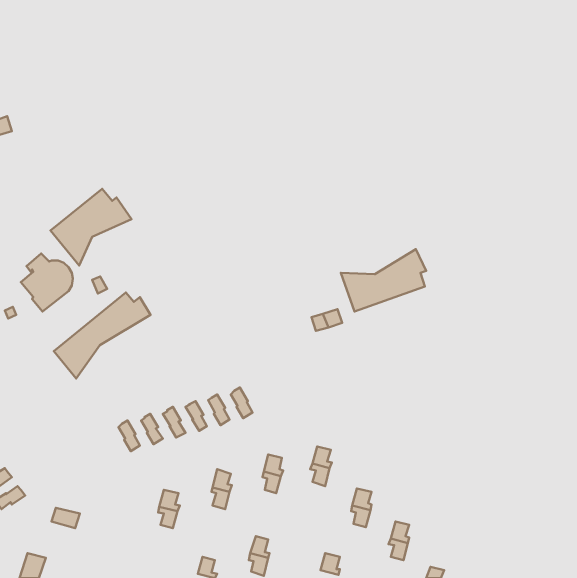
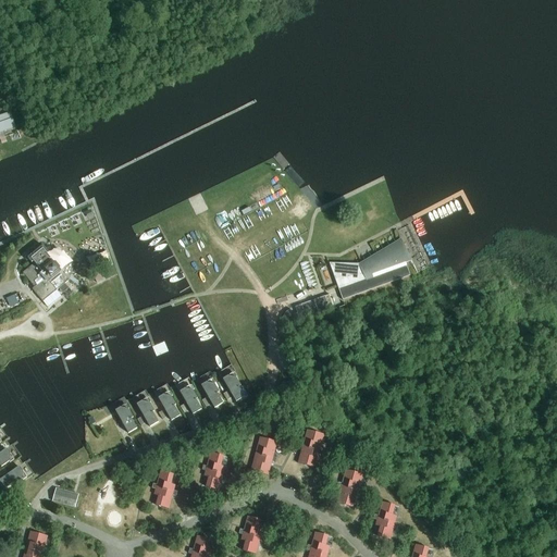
building: [51,189,131,265] -> none
building: [54,293,150,378] -> none

